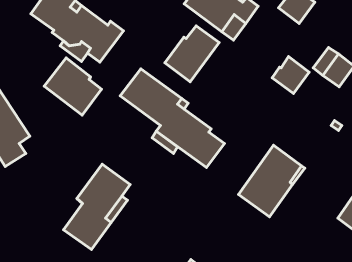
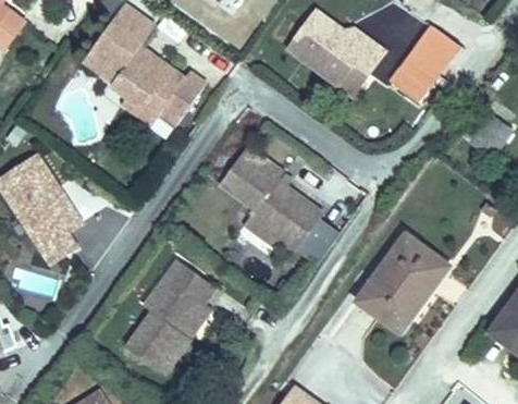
building: [165,26,219,82] -> none
building: [272,56,309,93] -> [390,52,439,101]
building: [44,58,101,115] -> none

